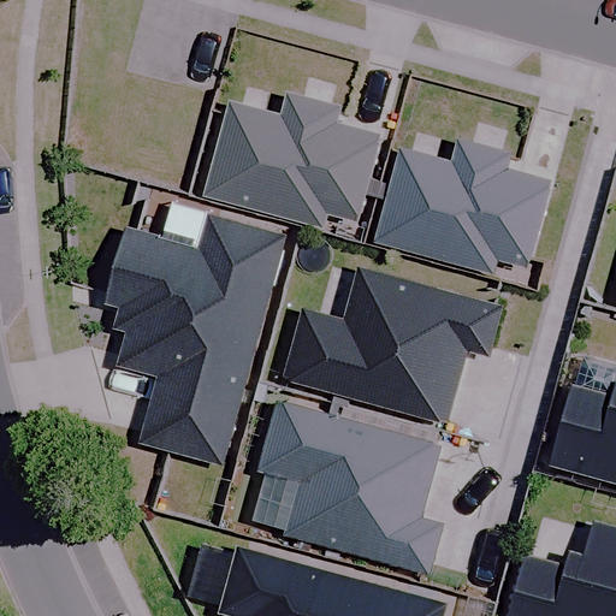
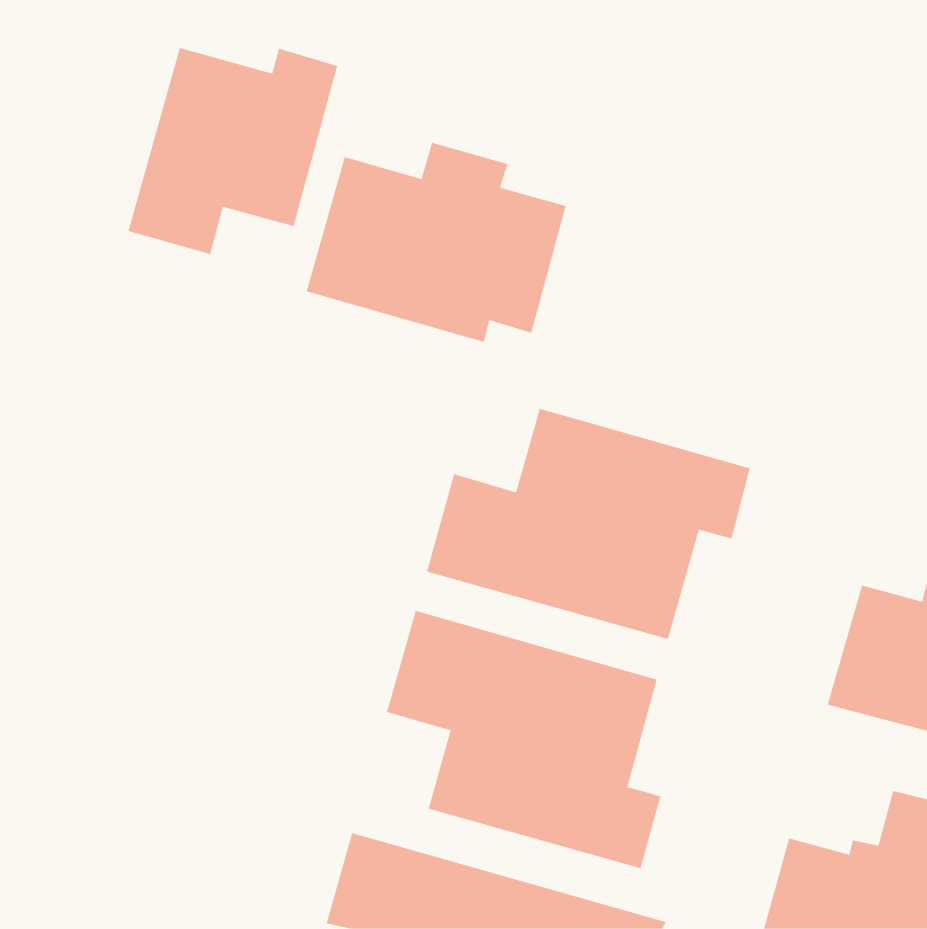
building: none -> [128,47,338,255]
building: [373,140,547,272] -> none
building: [108,217,284,462] -> none

